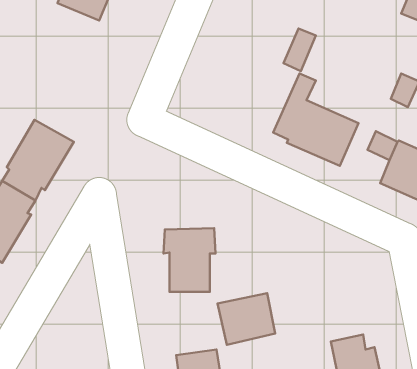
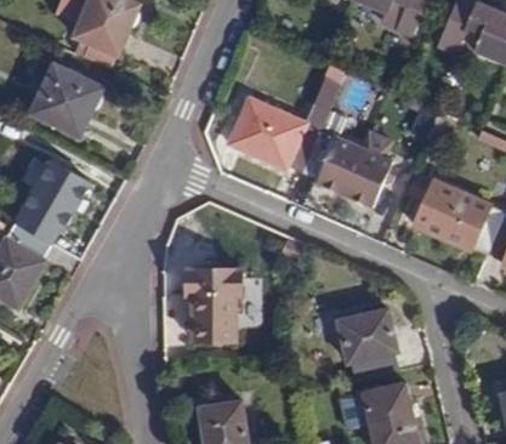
building: none -> [30,63,103,136]
building: none -> [229,99,330,172]
building: [218,293,275,345] -> [337,309,398,364]

